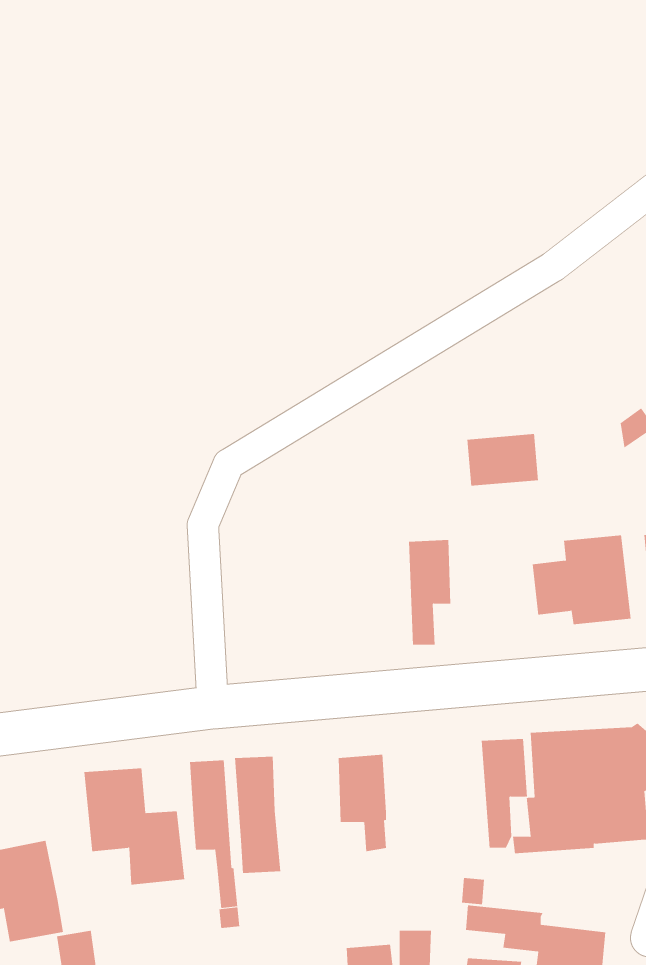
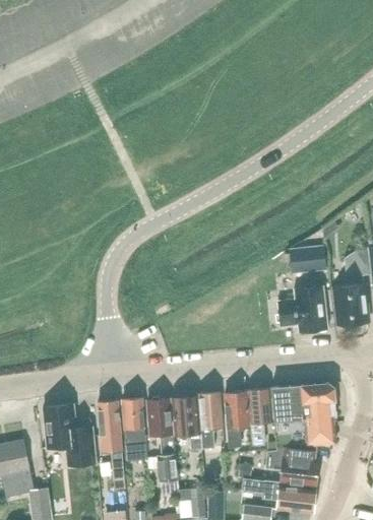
building: [466,433,539,486] -> [290,245,327,272]
building: [408,539,451,645] -> [228,394,250,449]
building: none -> [200,394,225,448]
building: none -> [150,401,178,482]
building: none -> [265,448,319,488]

